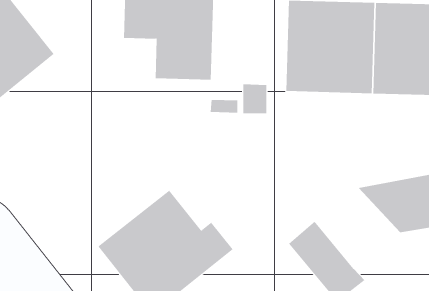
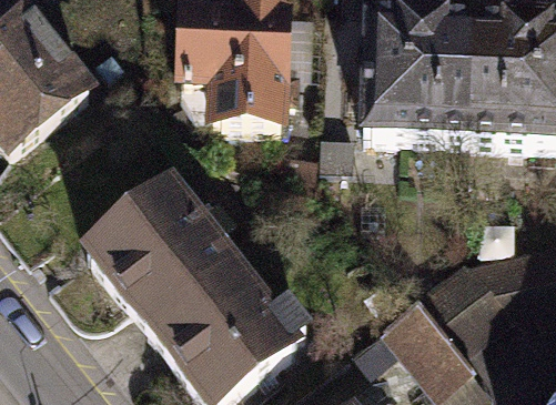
building: none -> [77,171,232,325]
building: none -> [408,254,512,352]

